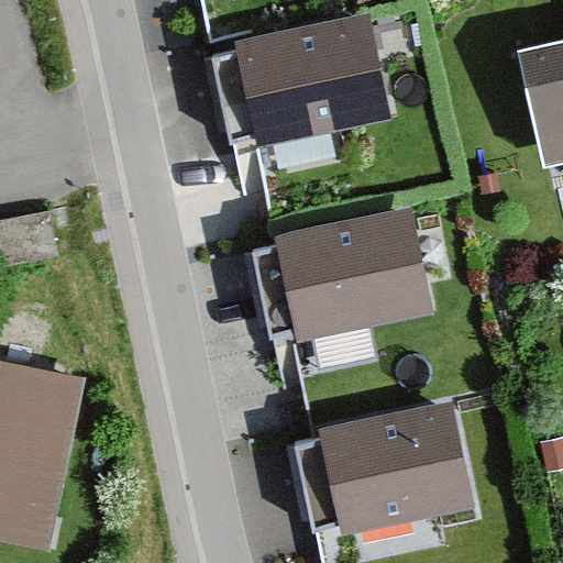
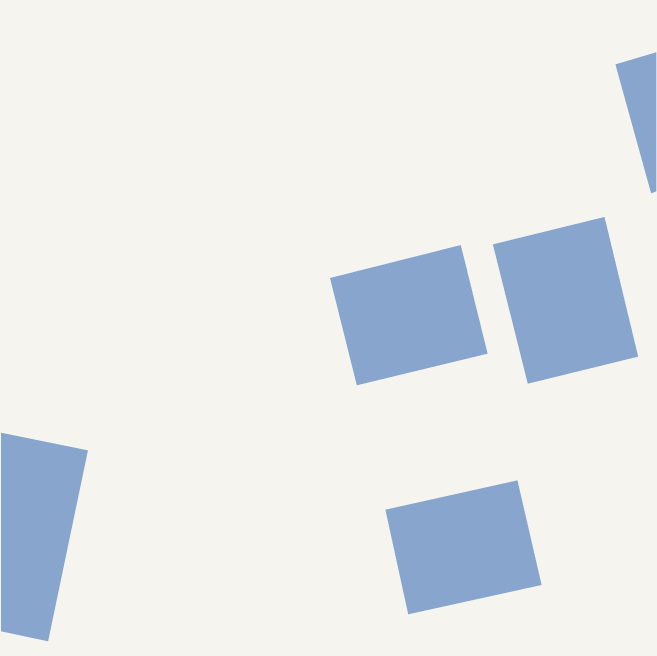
building: [244,21,384,137] -> none
building: none -> [492,216,639,384]

